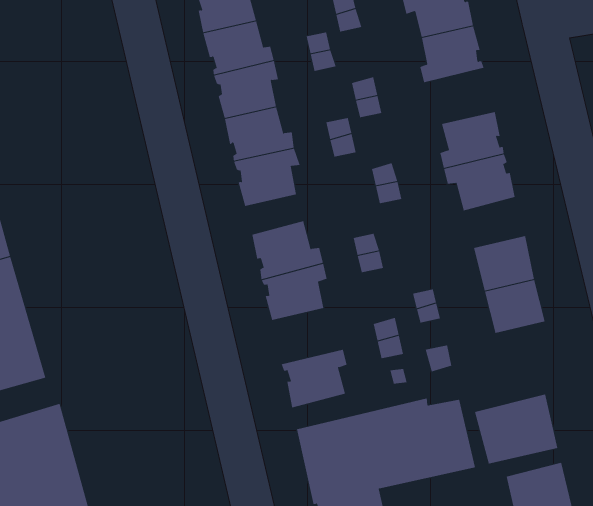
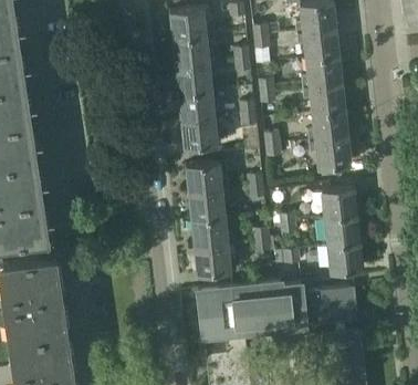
building: none -> [303,82,345,113]
building: none -> [191,217,233,248]
building: none -> [327,242,363,273]

